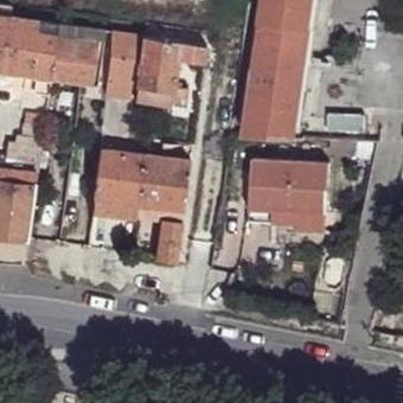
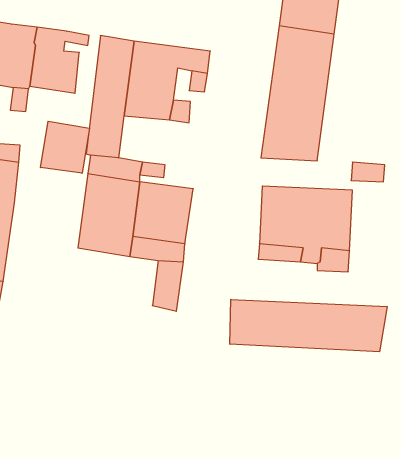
building: none -> [41,121,89,173]
building: none -> [230,299,387,352]

